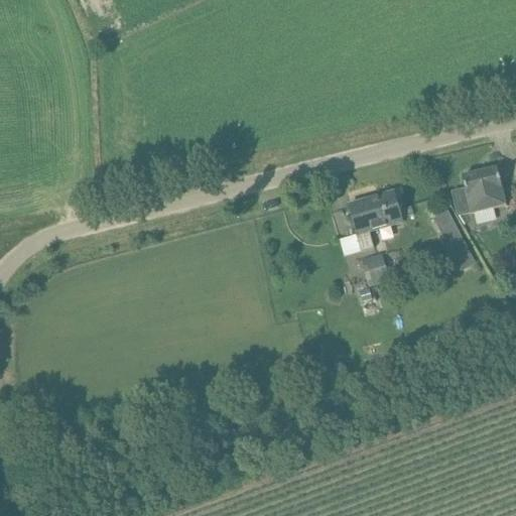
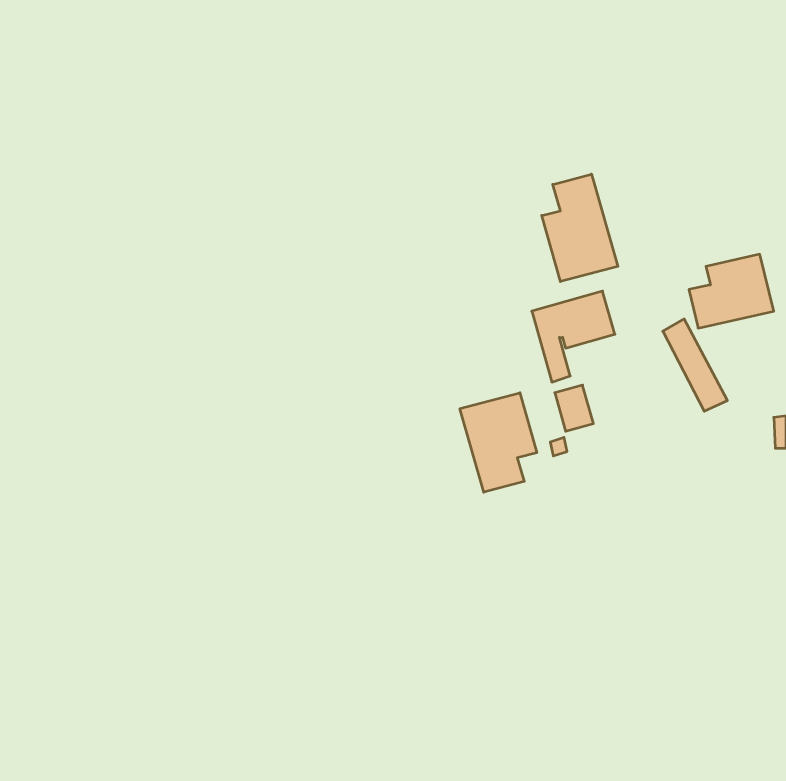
building: none -> [542,174,618,282]
building: none -> [460,393,537,492]

